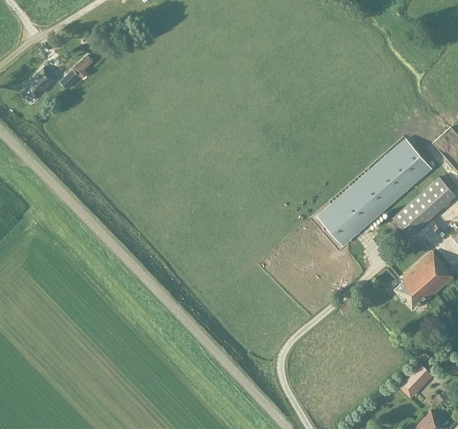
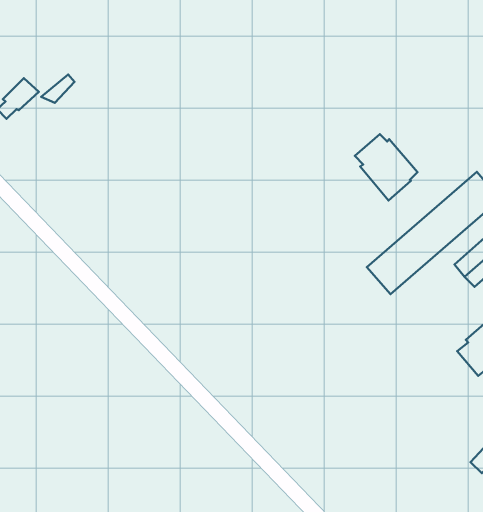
building: none -> [355,134,418,200]

